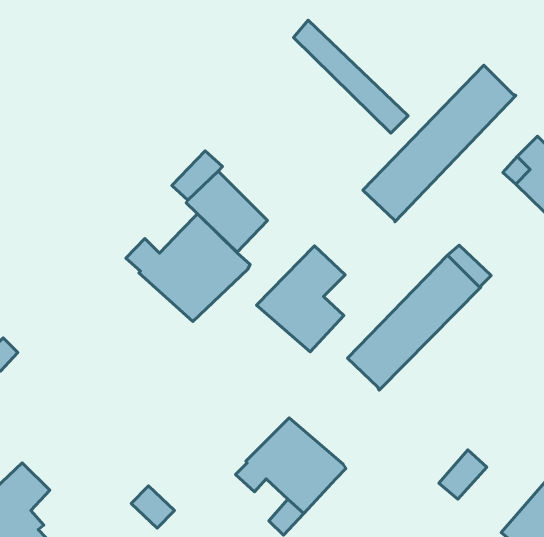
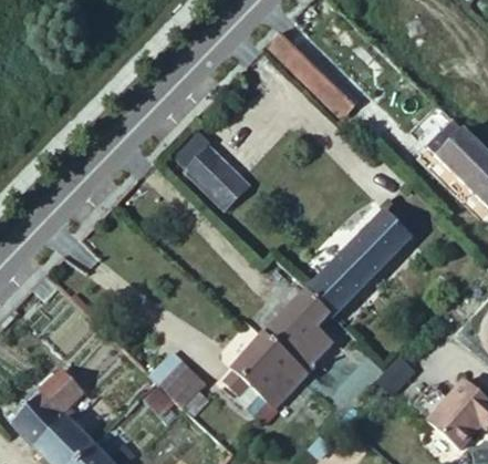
building: [363,65,516,222] -> none
building: [126,214,250,322] -> none
building: [257,246,345,352] -> [263,289,331,370]
building: none -> [158,361,208,415]

